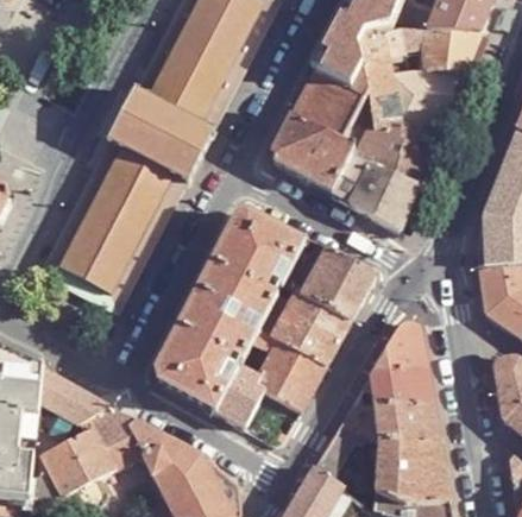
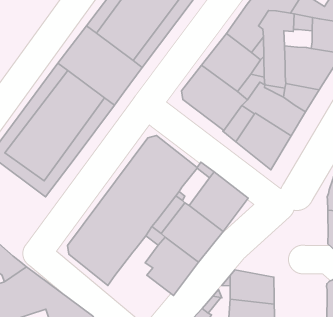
building: [375,320,426,366] -> none
building: [216,364,270,427] -> none

